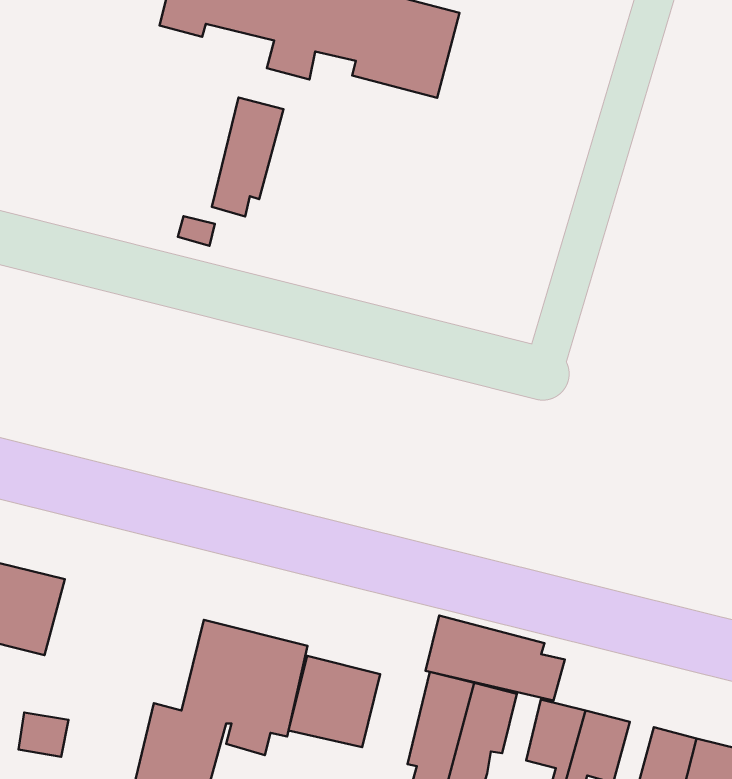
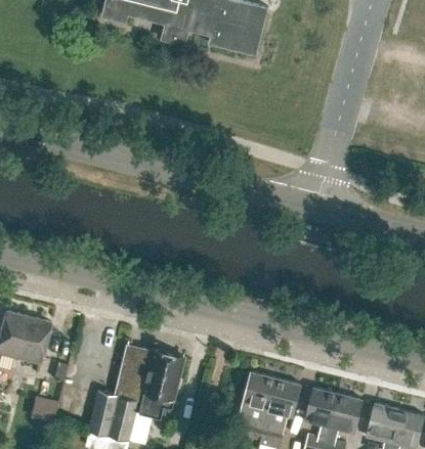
building: [212,97,284,216] -> none
building: [425,616,565,700] -> none
building: [289,656,380,747] -> none

